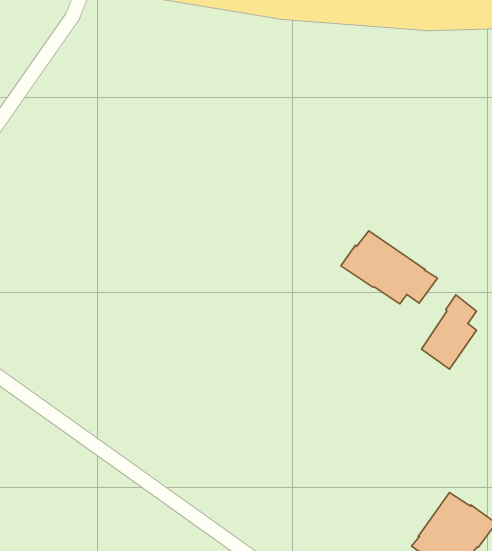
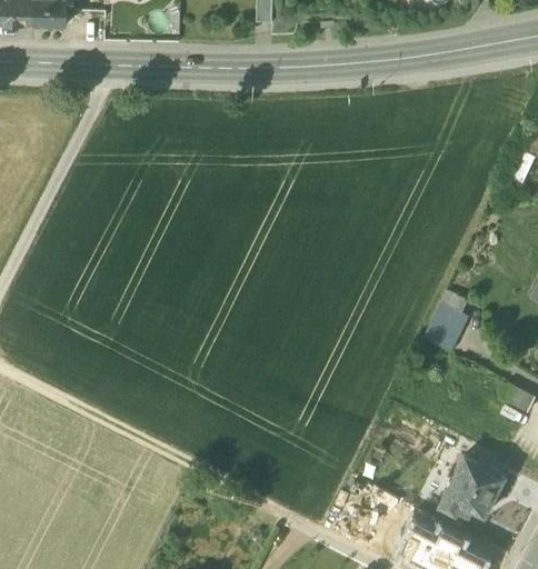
building: [341,231,437,304] -> none

